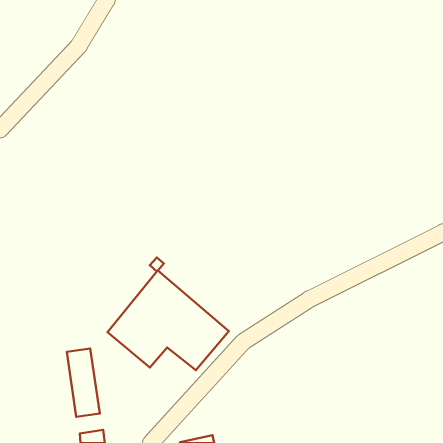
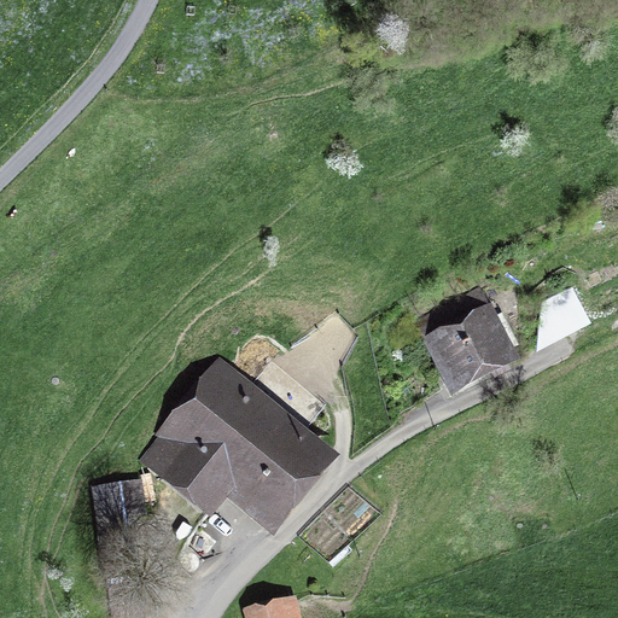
building: none -> [426,292,517,386]

